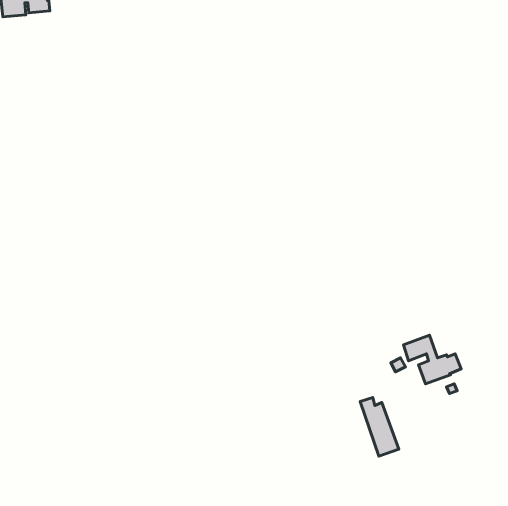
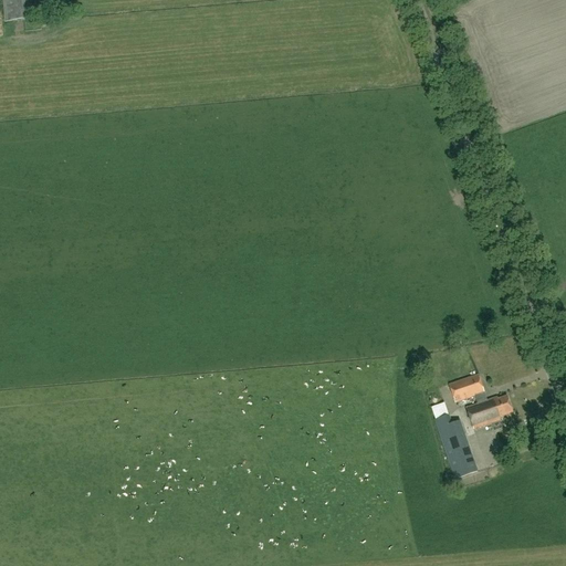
building: [360,397,399,456] -> [434,413,478,479]

